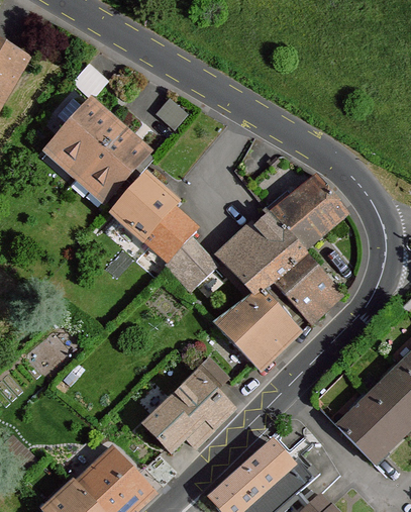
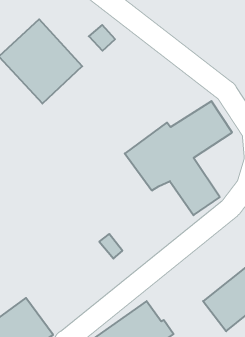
building: [111,173,217,288] -> none
building: [216,291,300,369] -> none
building: [143,371,231,448] -> none

